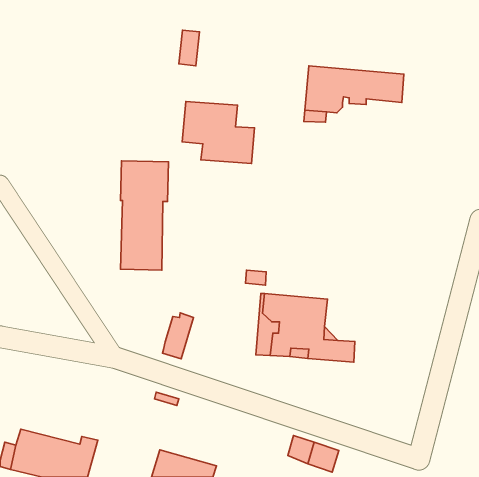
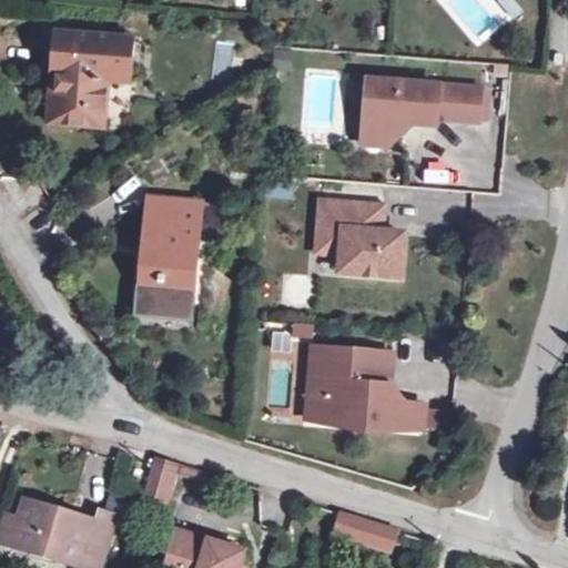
building: none -> [32,27,128,121]
building: [182,101,254,164] -> [315,201,400,274]
building: [162,313,193,359] -> [144,449,181,504]

